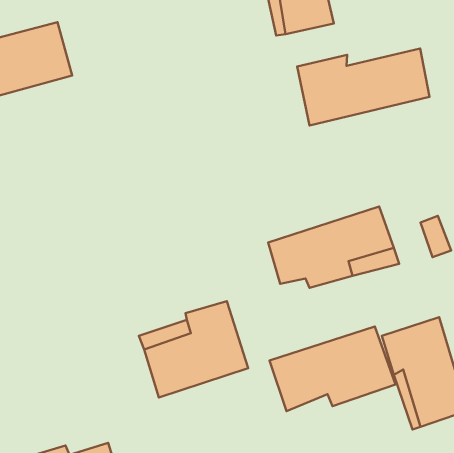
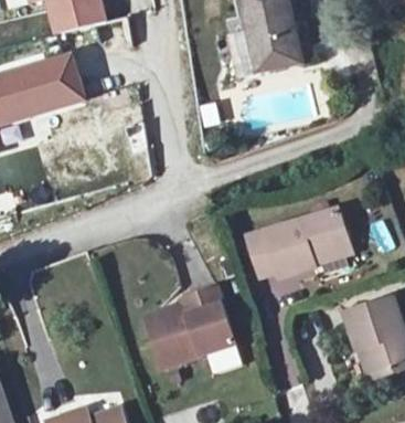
building: [297,48,430,125] -> none
building: [270,326,396,411] -> none

